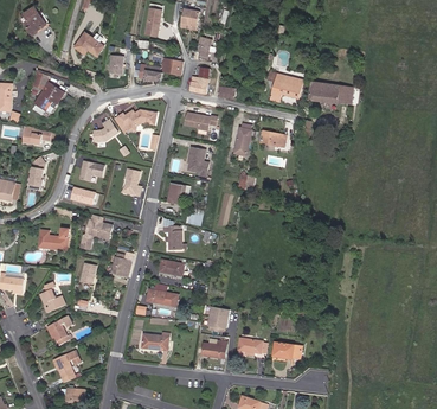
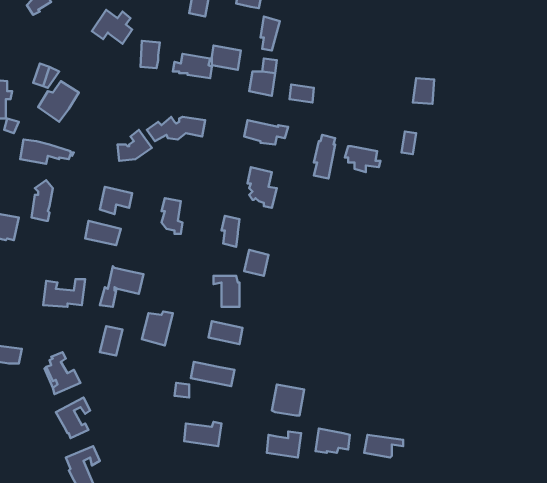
building: [266,71,303,102] -> none
building: [322,83,353,104] -> none

